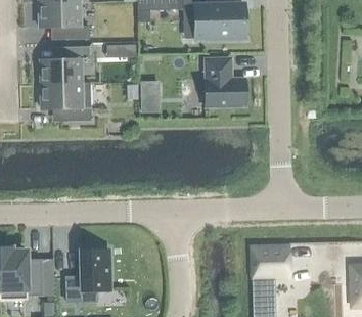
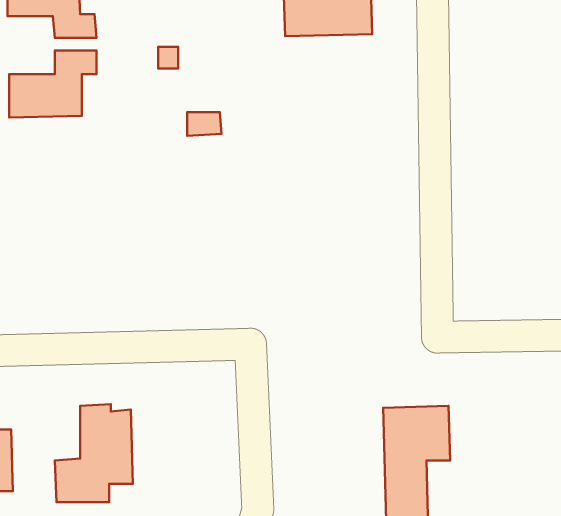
building: [205,58,245,107] -> none
building: [40,83,90,121] -> none

